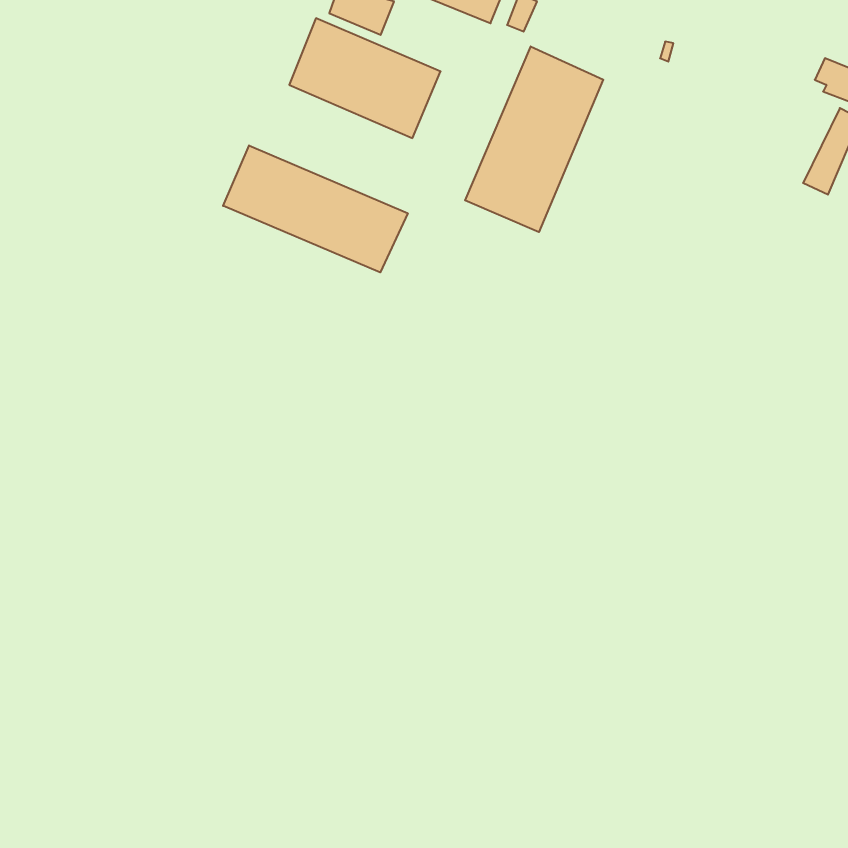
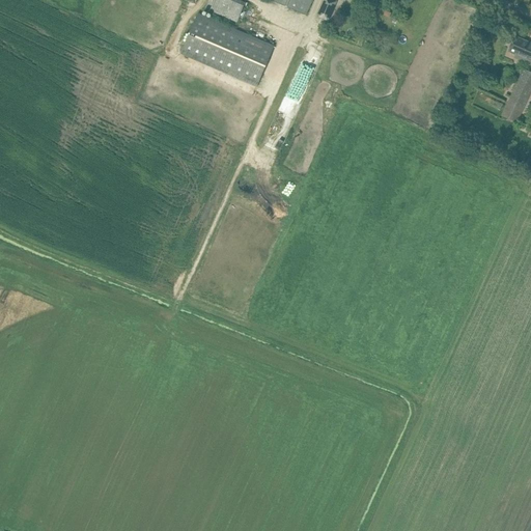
building: [465,46,603,232] -> none
building: [223,145,408,272] -> none

